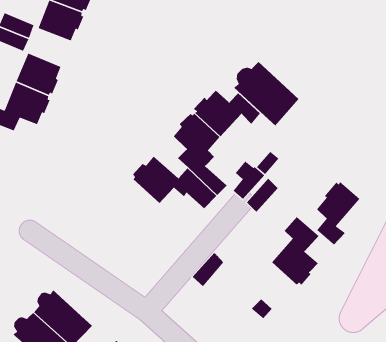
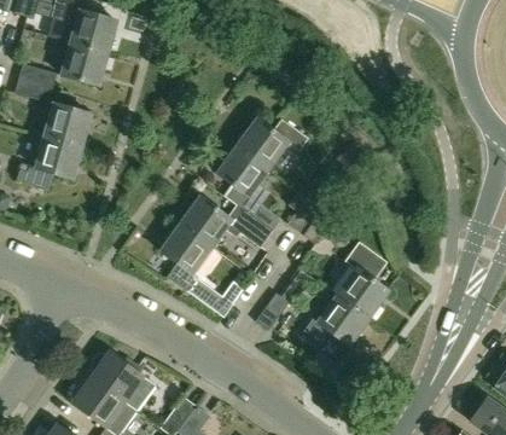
building: [233,61,300,127] -> none
building: none -> [159,224,232,317]
building: [316,181,361,245] -> none
building: none -> [303,295,368,344]

